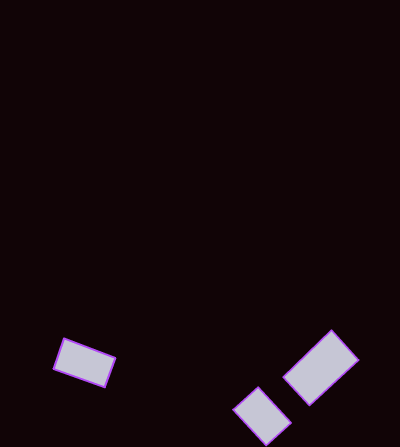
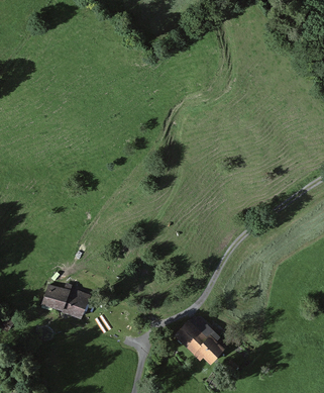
building: [283,330,359,405] -> none

